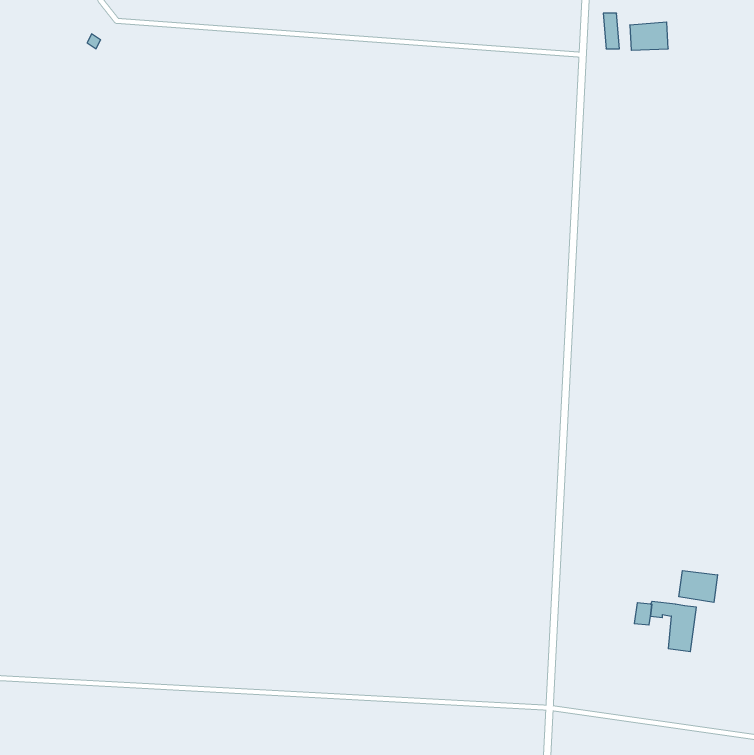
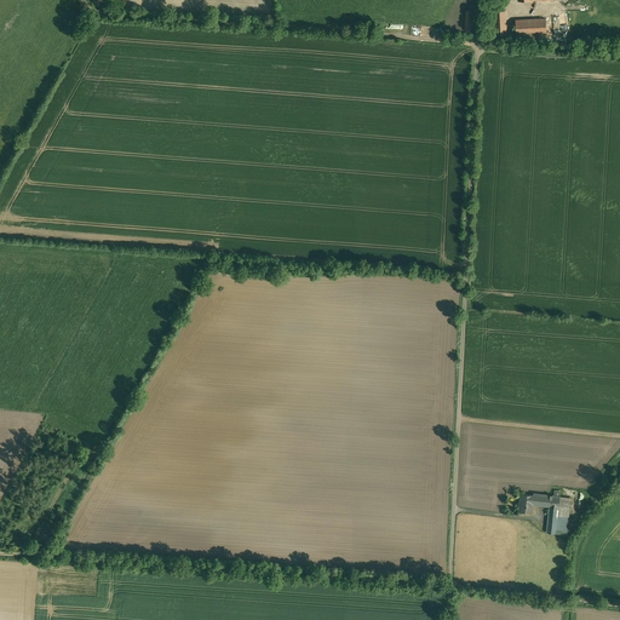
building: [679,571,718,602] -> none

